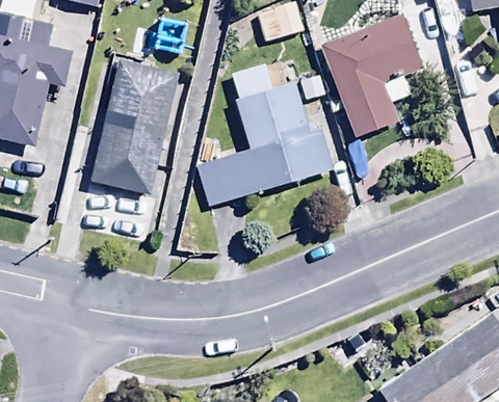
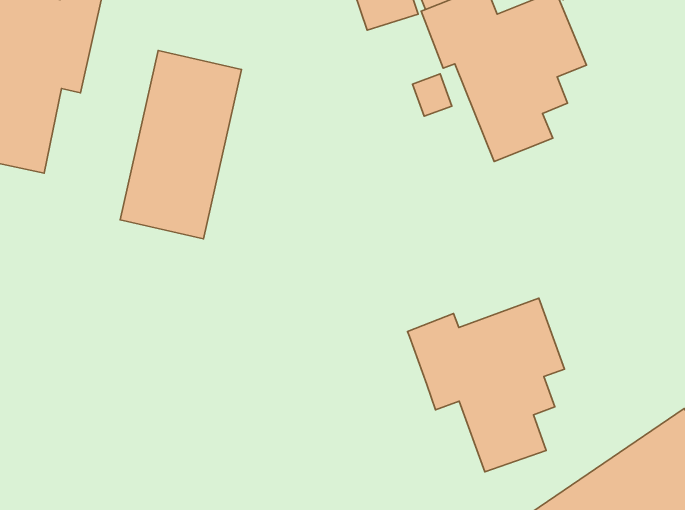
building: [194,61,343,210] -> none
building: none -> [407,298,564,472]

